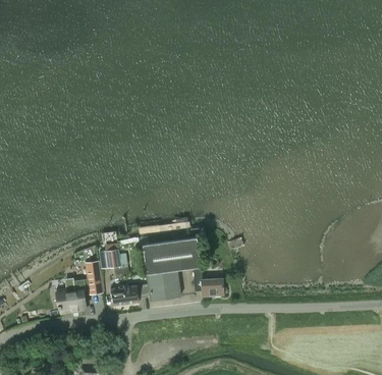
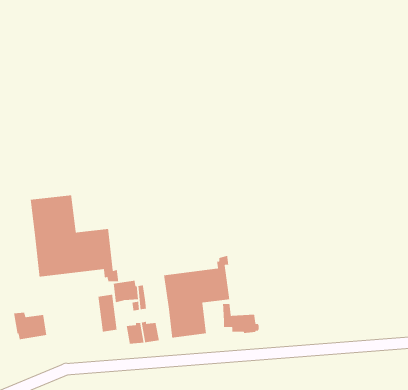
building: none -> [30,194,119,282]
building: [56,289,86,314] -> [13,312,47,340]

